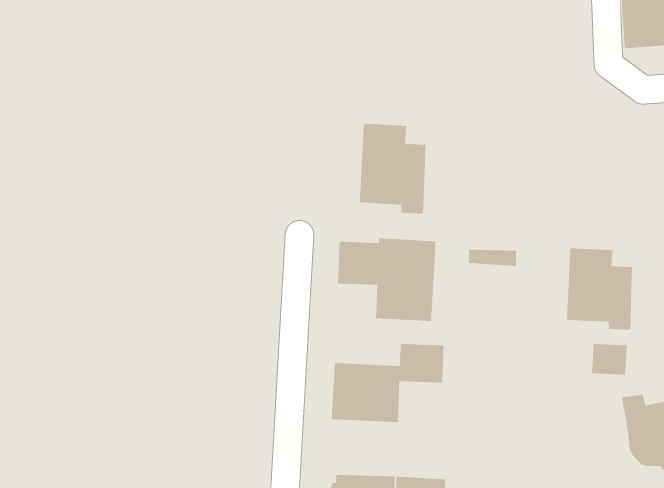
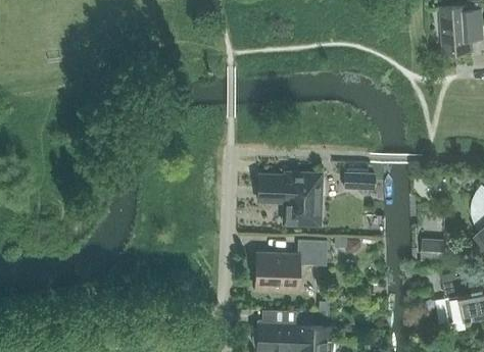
building: [359,123,426,214] -> none
building: [567,248,633,331] -> none

